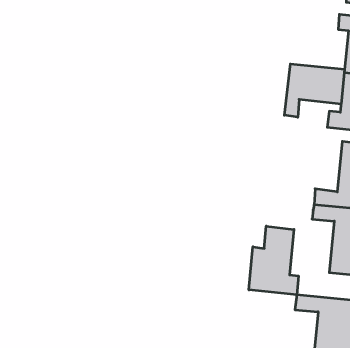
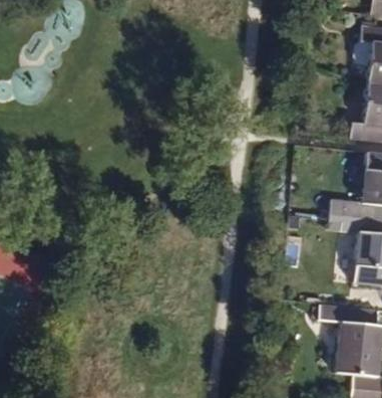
building: [284,64,344,117] -> none
building: [249,226,298,295] -> none

